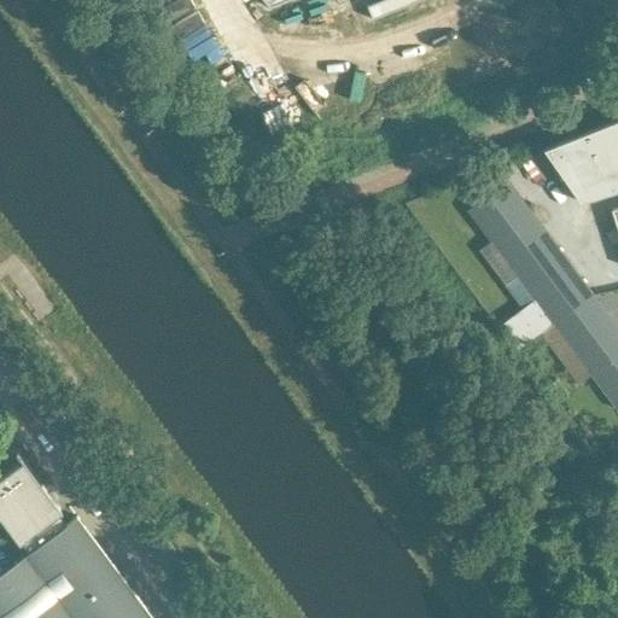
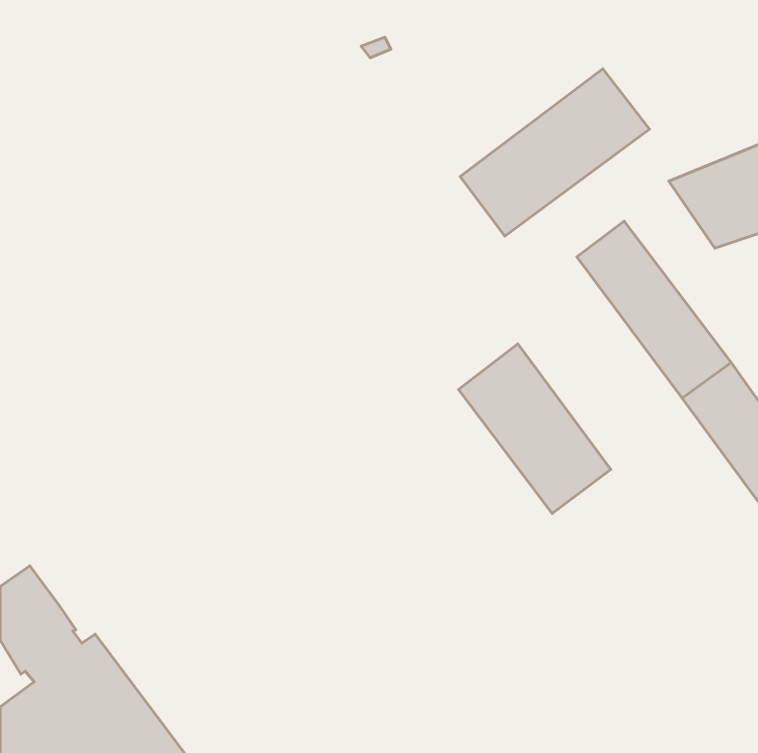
building: none -> [460,69,649,236]
building: none -> [458,344,611,514]

